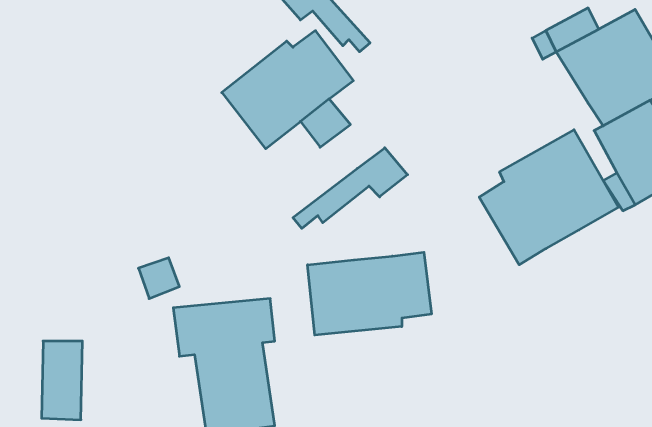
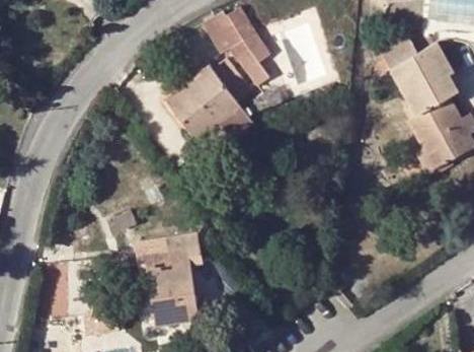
building: [479,130,619,265] -> none
building: [293,148,408,228] -> none
building: [308,252,431,335] -> none

